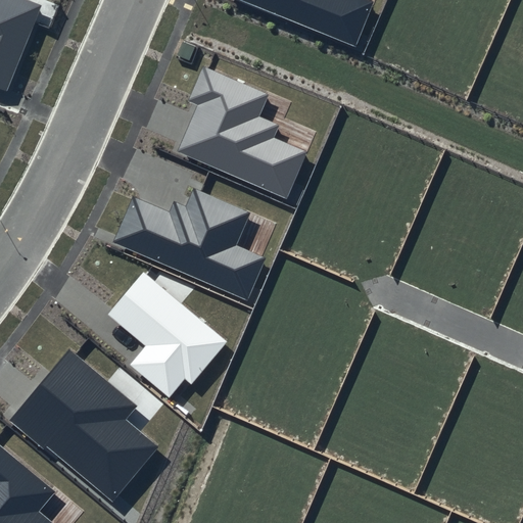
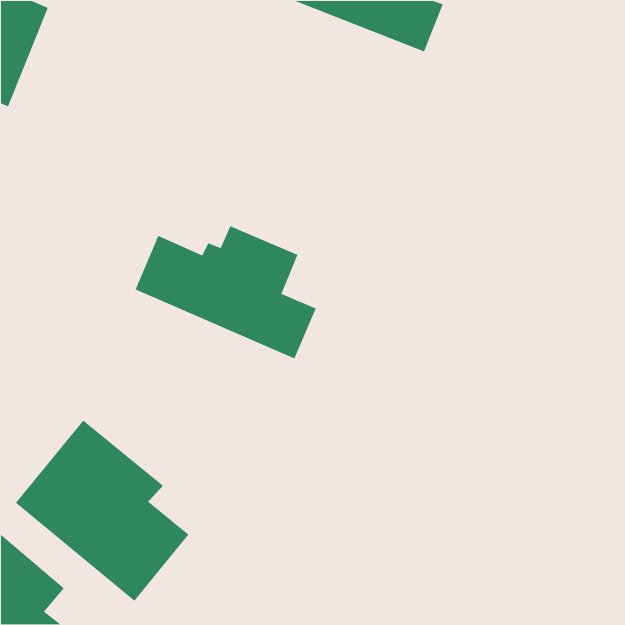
building: [177,66,306,197] -> none
building: [106,272,227,397] -> none

